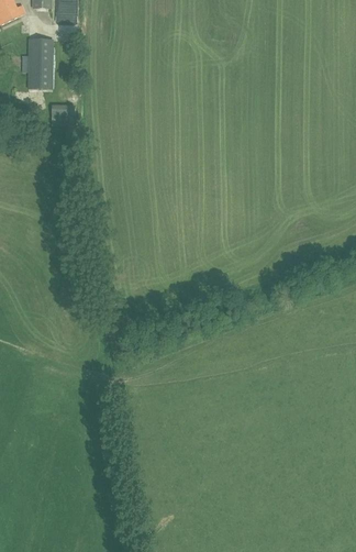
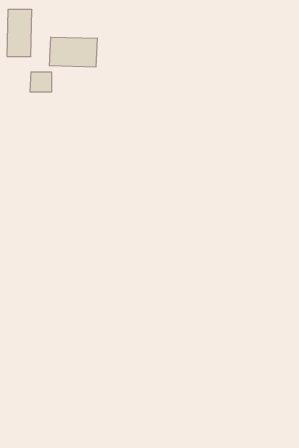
building: none -> [50,37,97,67]

